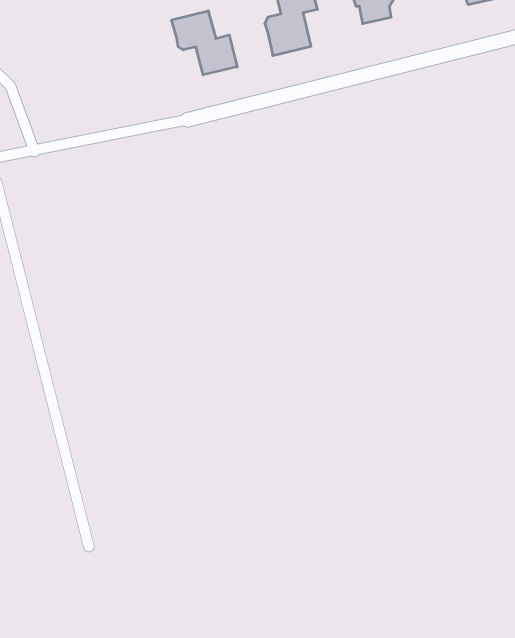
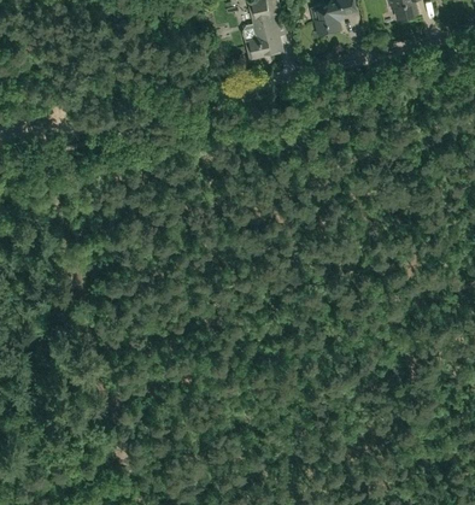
building: [172,11,237,75] -> none

